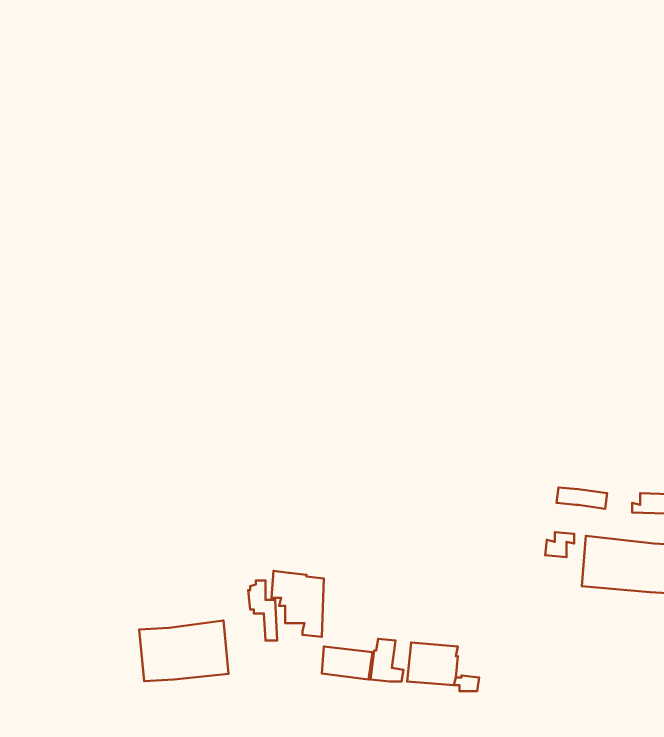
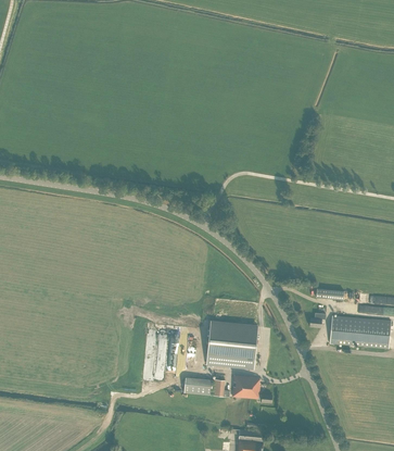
building: none -> [205,320,256,368]
building: [139,620,229,681] -> none

